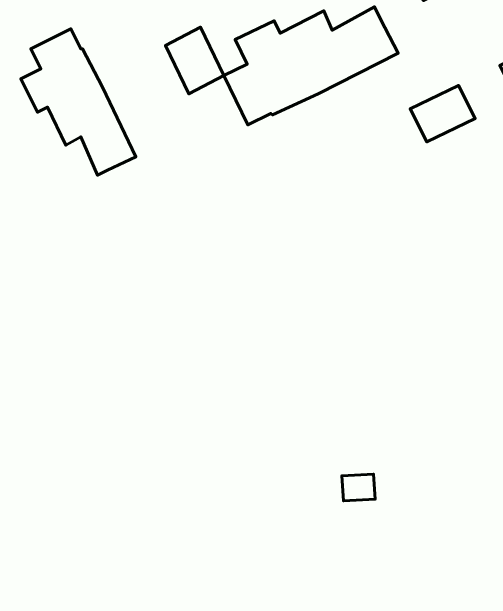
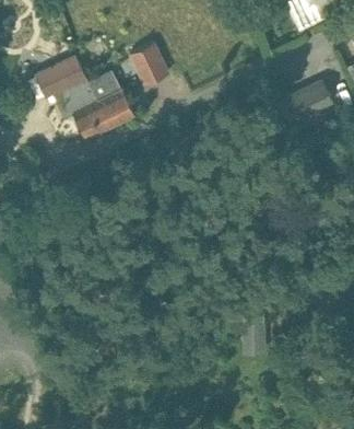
building: [224,7,398,125] -> none
building: none -> [87,76,134,128]

